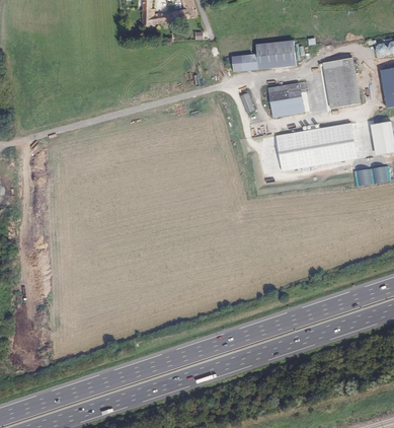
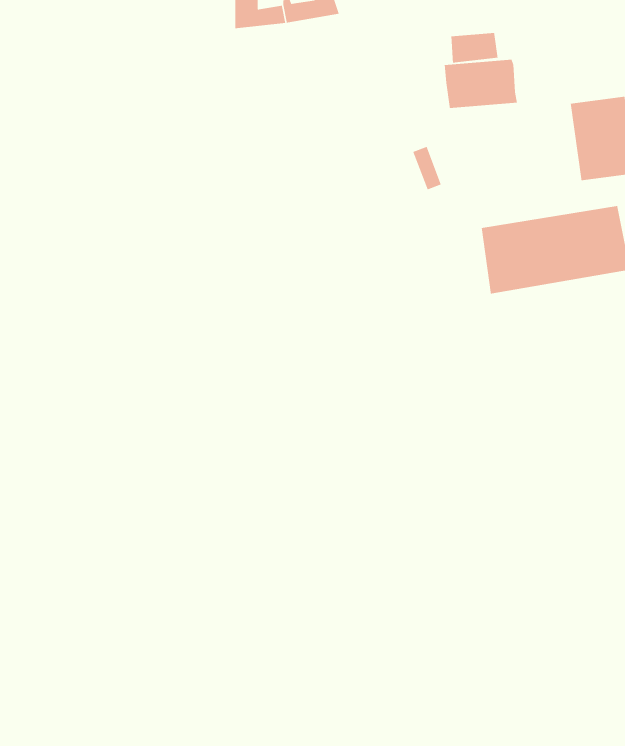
building: [231,54,257,71] -> [450,32,499,64]
building: [266,82,302,117] -> none

